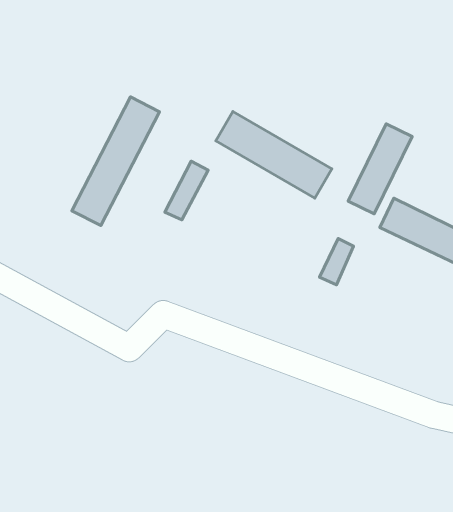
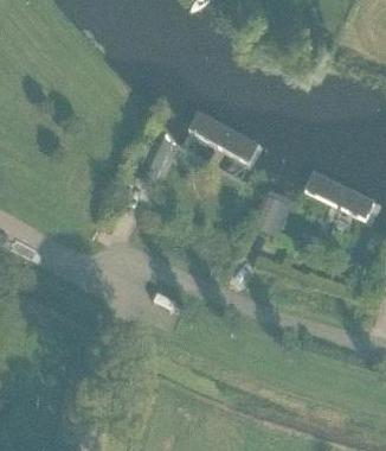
building: [72,97,160,226] -> none
building: [348,124,412,214] -> none

